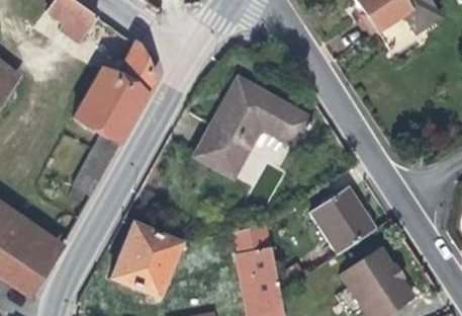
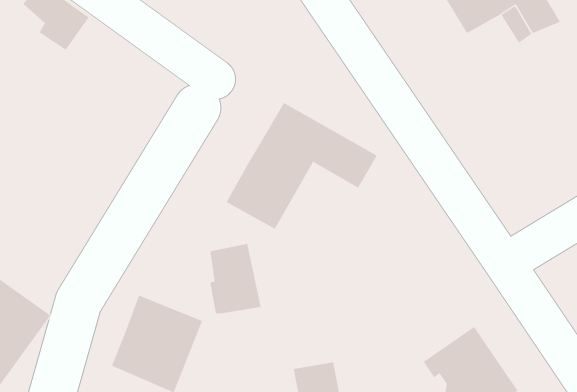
building: [72,45,154,194] -> none
building: [310,188,373,254] -> none
building: [238,226,276,279] -> [210,243,262,314]

